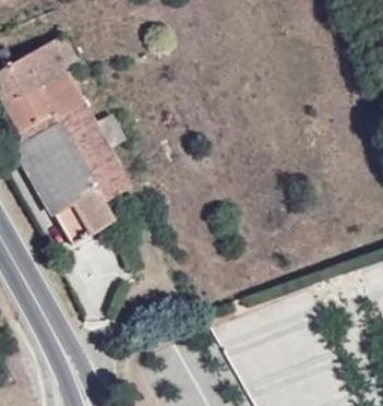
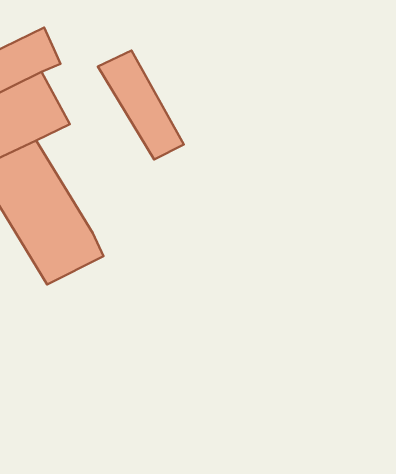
building: [57,111,127,200] -> [98,50,184,159]

